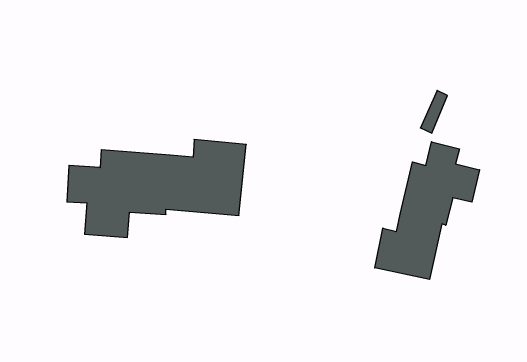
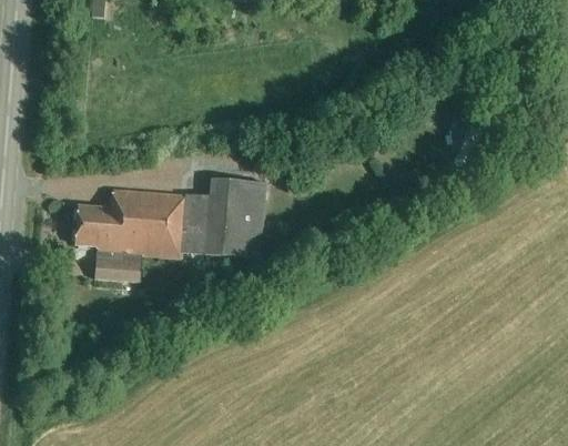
building: [375,142,480,279] -> none

